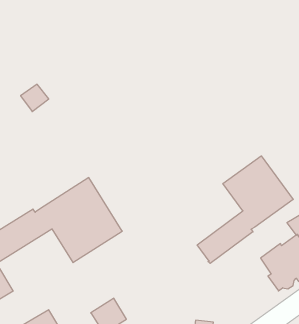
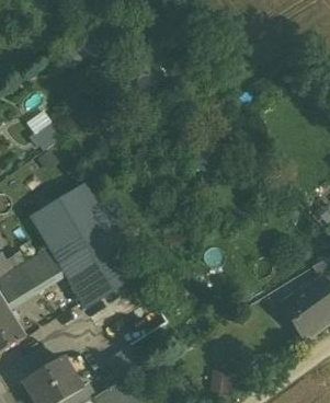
building: none -> [31,184,103,251]
building: [197,156,293,263] -> none

